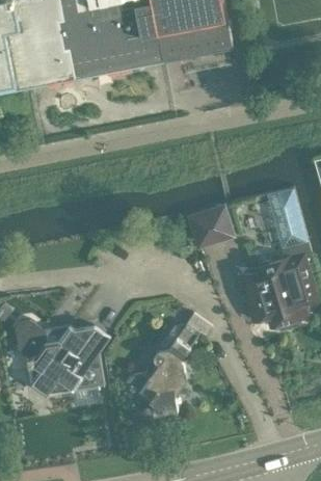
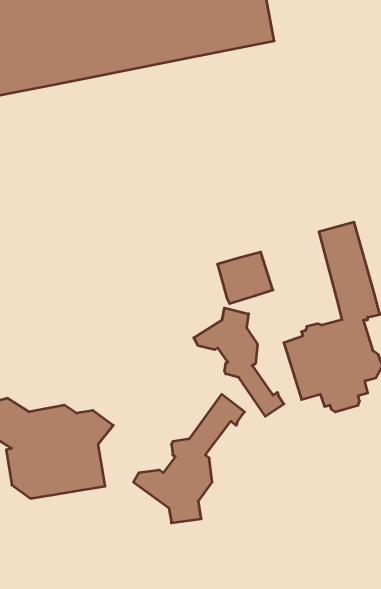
building: none -> [194,308,284,416]

